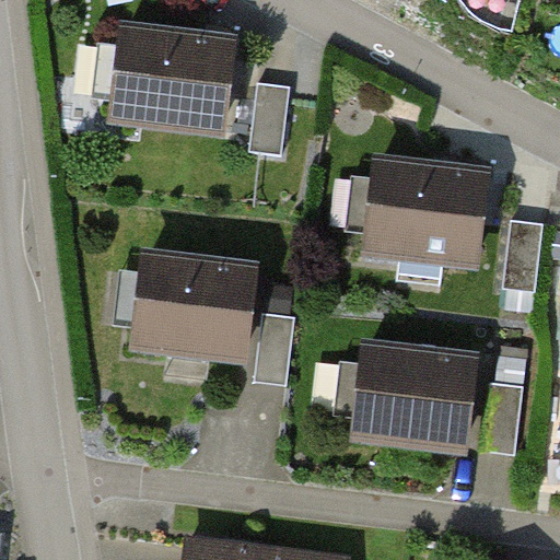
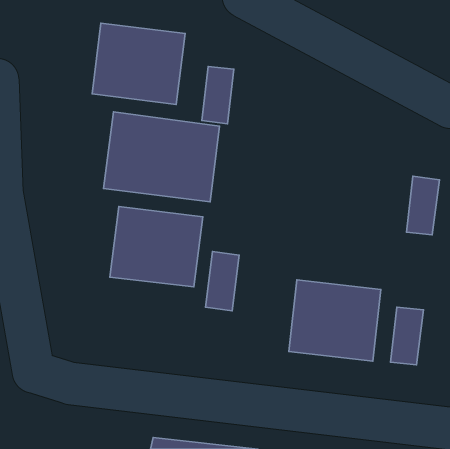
building: none -> [104,112,220,202]
building: [369,162,482,262] -> none

